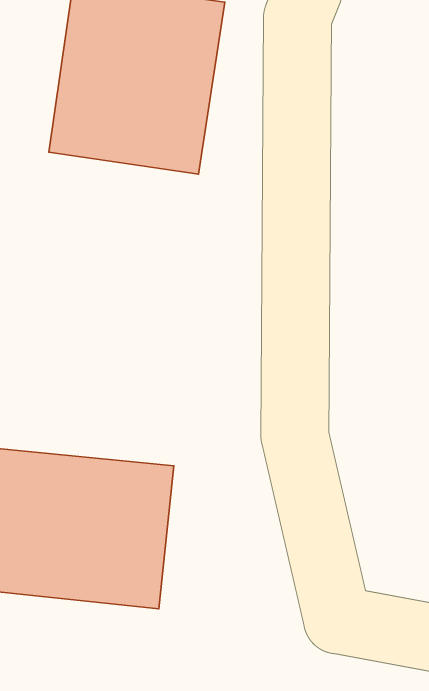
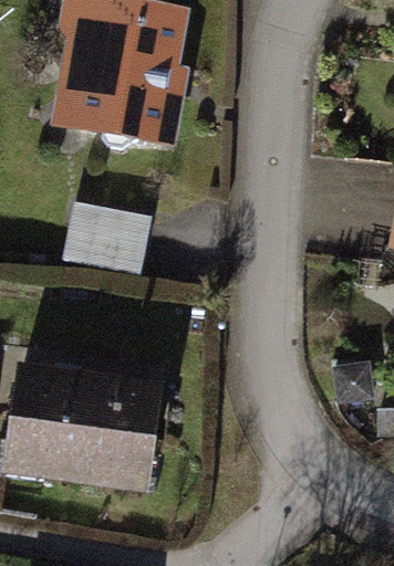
building: none -> [73,201,159,273]

